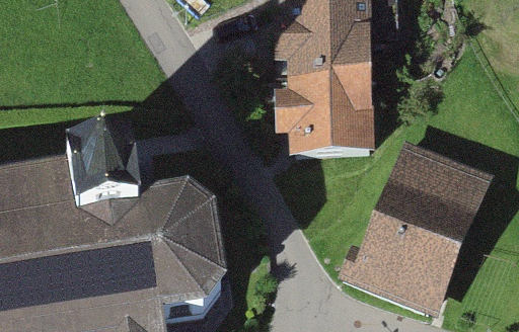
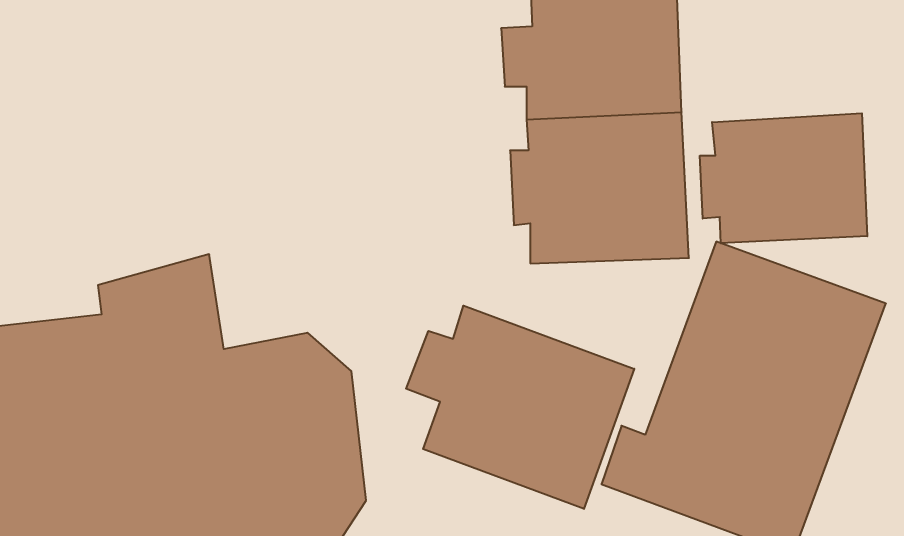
building: none -> [700,113,867,243]
building: none -> [406,306,634,509]

